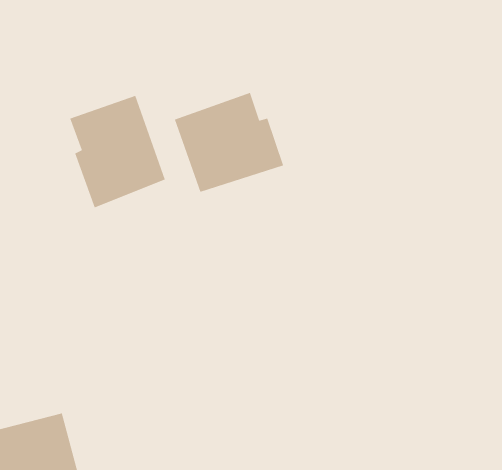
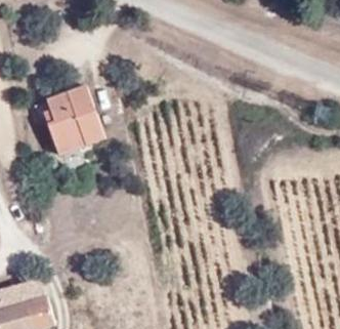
building: [174,92,284,193] -> none

